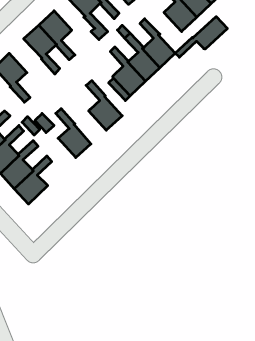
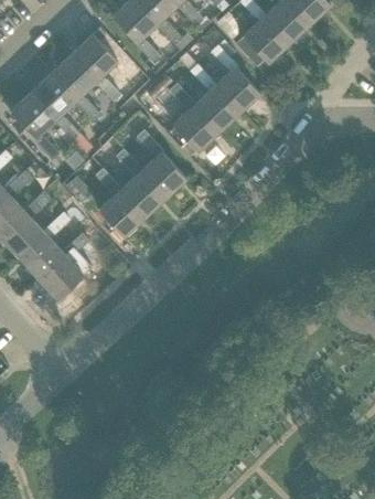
building: [175,17,227,57] -> none
building: none -> [31,72,79,139]
building: none -> [116,148,164,216]

